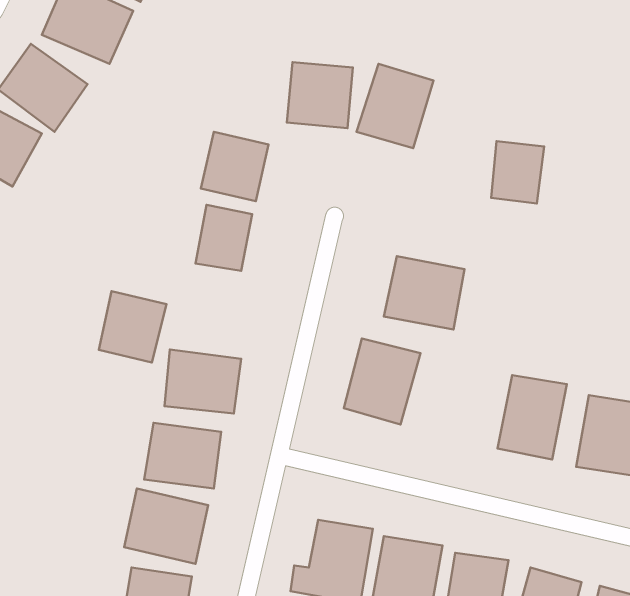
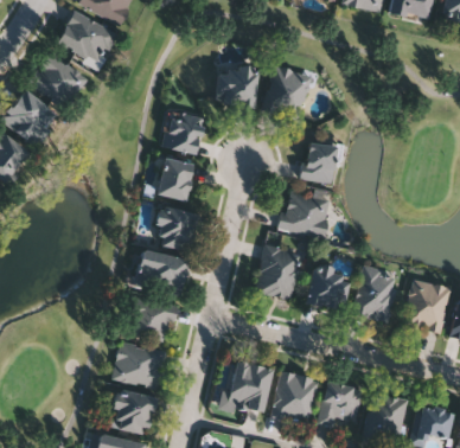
building: [491,141,544,203] -> [304,142,338,183]
building: [99,291,166,363] -> [155,205,199,251]
building: none -> [306,264,352,311]

